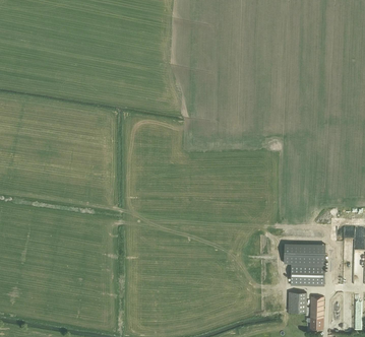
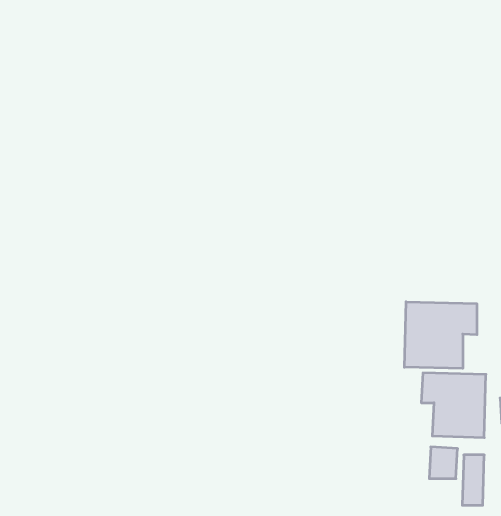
building: none -> [404,302,477,368]

